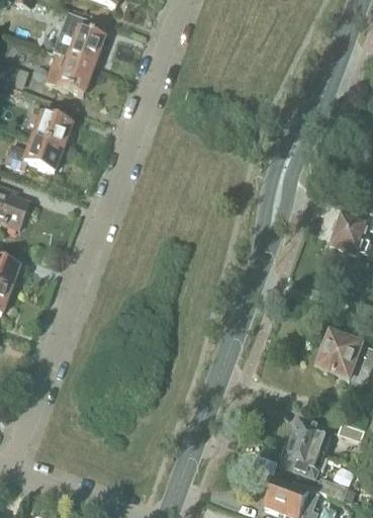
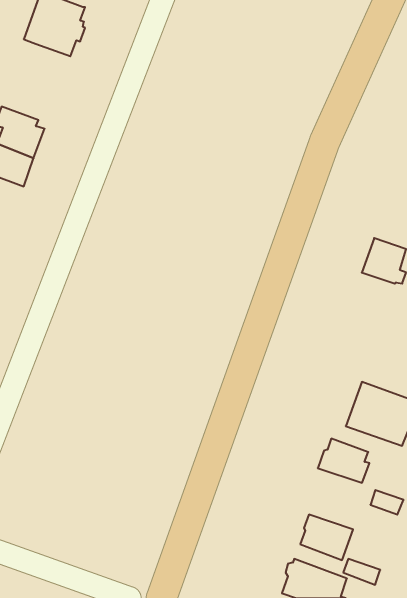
building: [44,52,91,94] -> none
building: [287,418,330,454] -> [318,439,369,483]

